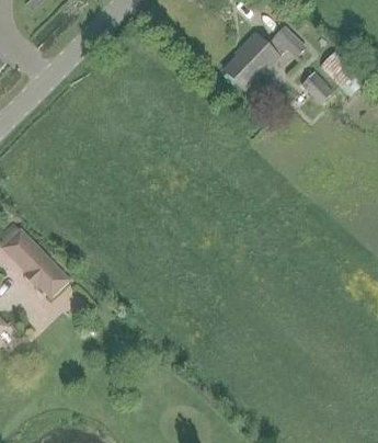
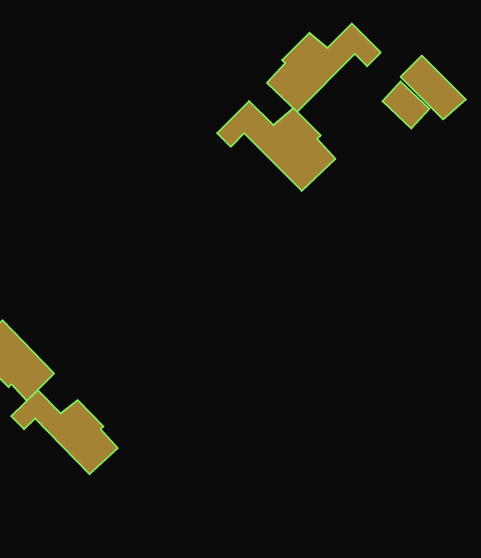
building: none -> [217,101,335,191]
building: none -> [11,390,118,474]

